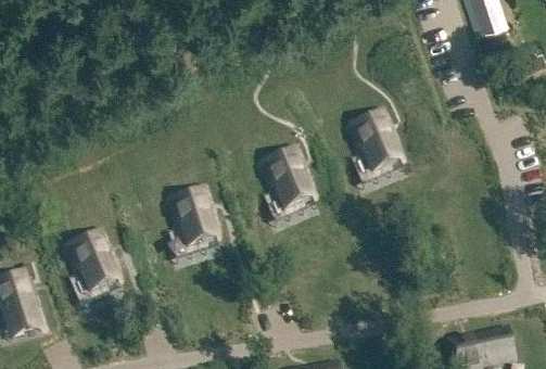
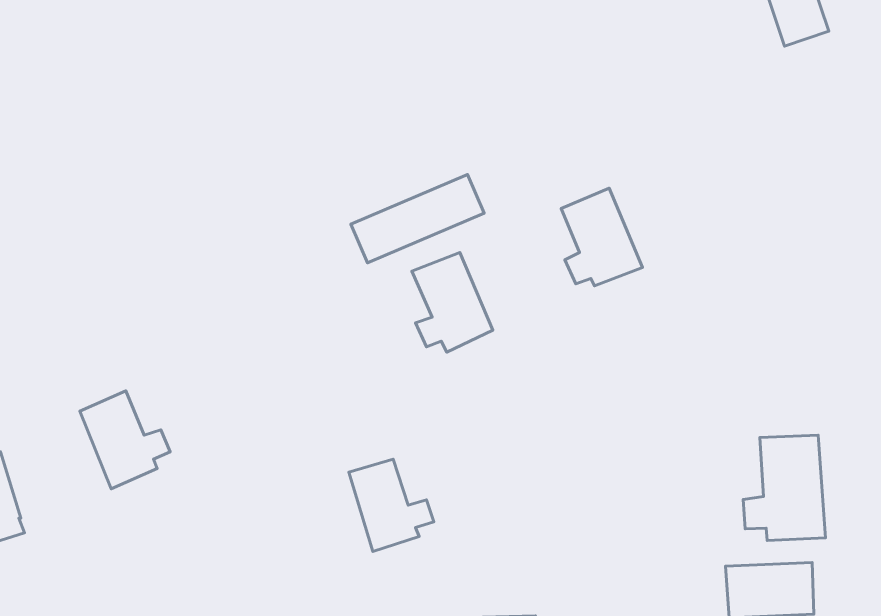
building: none -> [351,174,484,263]
building: [173,194,223,249] -> [349,459,434,551]
building: none -> [743,435,825,540]

